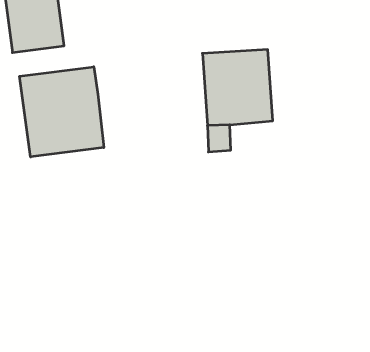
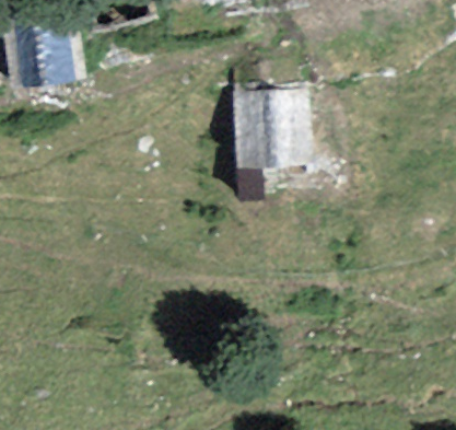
building: [20,67,104,157] -> none

